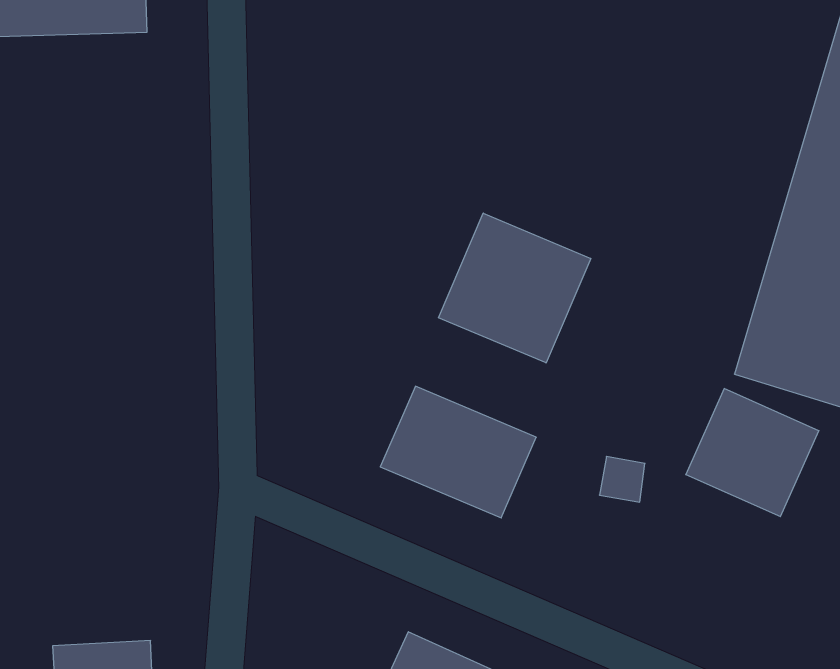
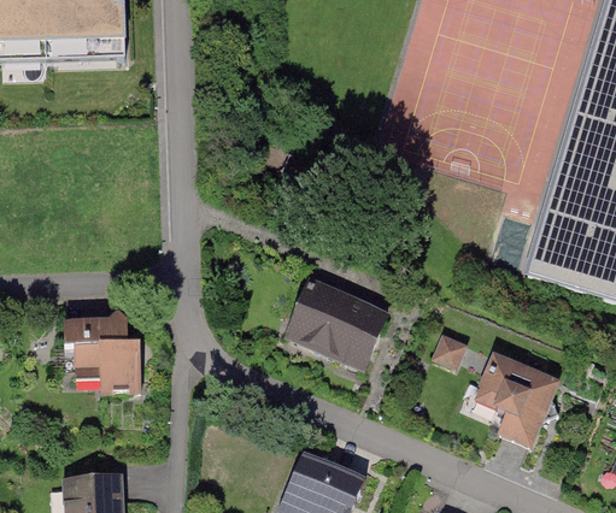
building: [439,213,591,363] -> none
building: [686,389,819,517] -> [469,354,561,442]
building: none -> [60,312,145,387]

